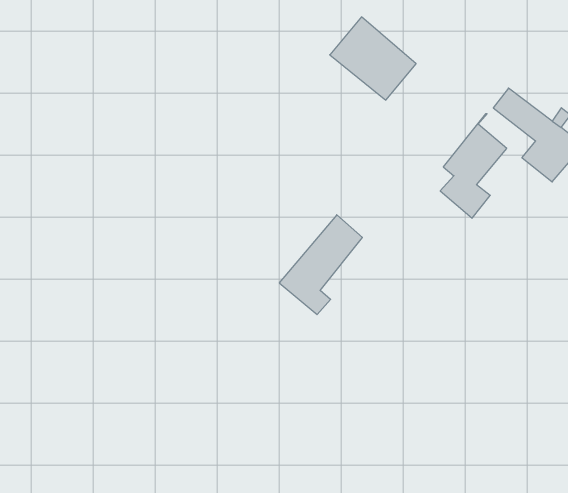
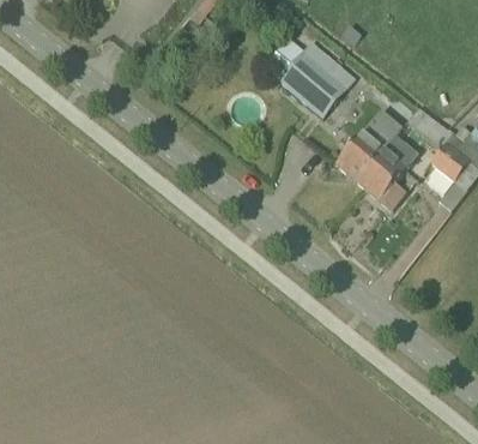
building: [279,215,362,315] -> [337,108,403,187]

